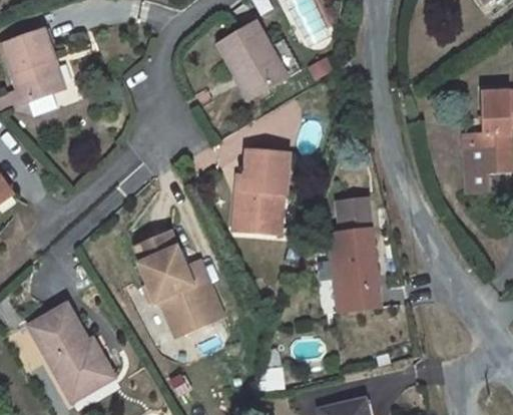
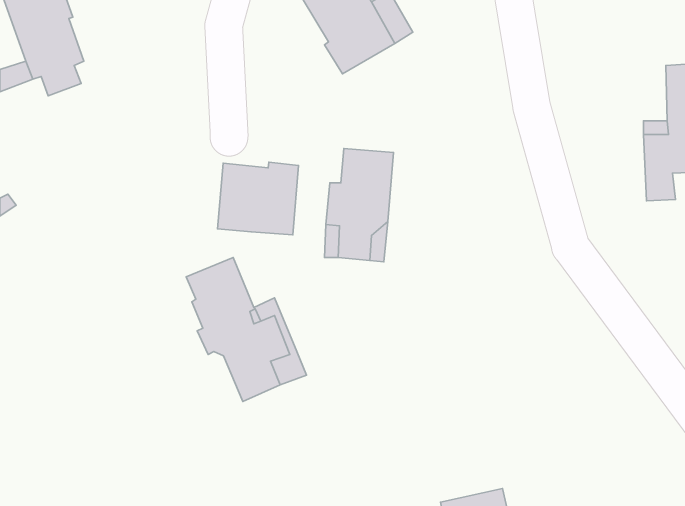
building: none -> [218,162,298,235]
building: [325,204,380,317] -> none
building: [30,304,113,399] -> none

